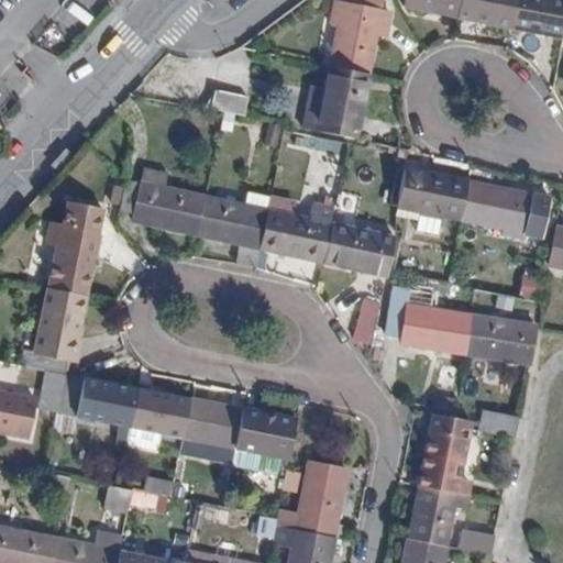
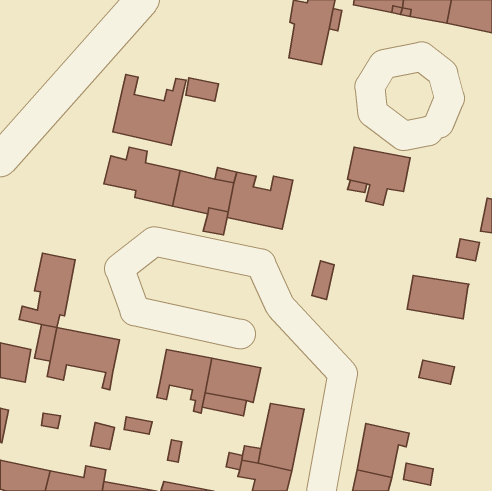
building: [303,66,367,137] -> none
building: none -> [113,74,186,145]
building: [461,180,549,229] -> none
building: [46,207,102,297] -> none
building: [322,222,396,274] -> none
building: [401,303,472,353] -> none
building: [125,388,190,452] -> none
building: [418,413,473,495] -> none

